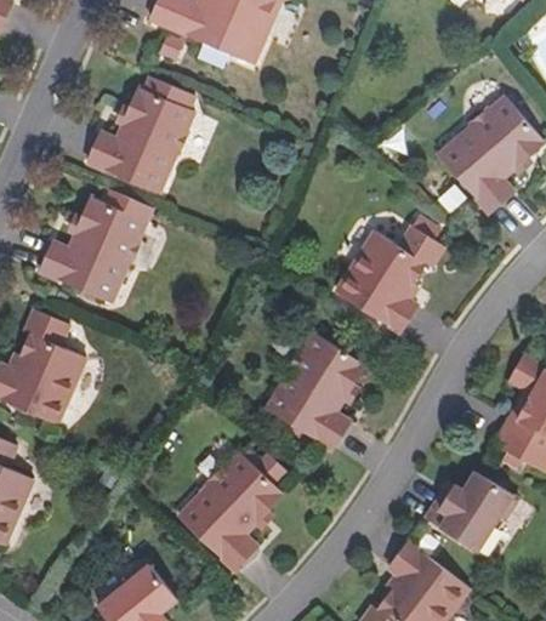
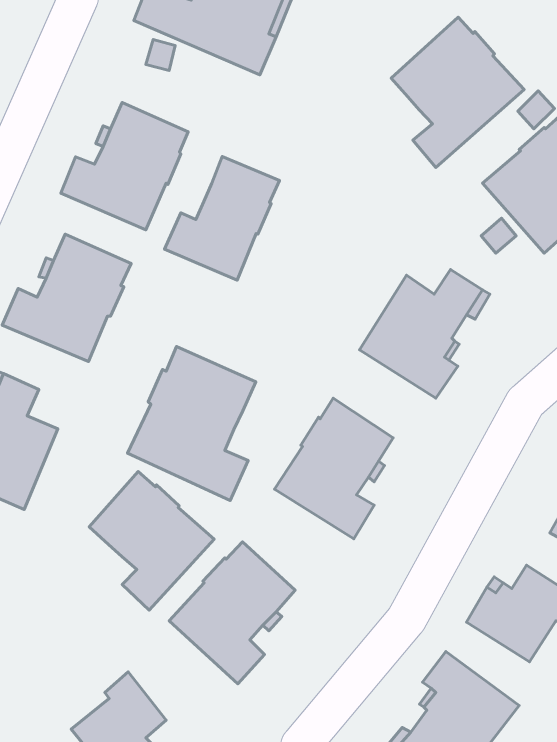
building: none -> [391,17,524,167]
building: none -> [165,157,279,280]
building: none -> [128,347,256,501]
building: none -> [89,471,214,610]

